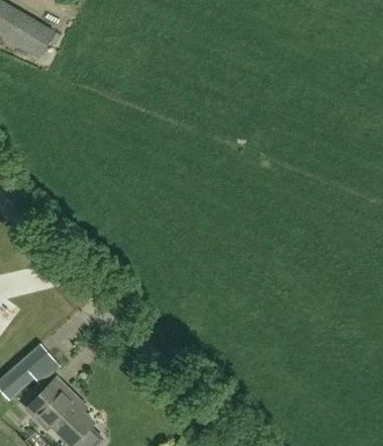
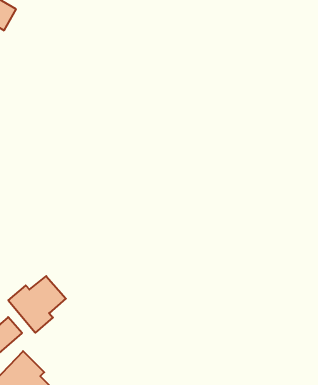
building: none -> [8,276,66,333]

